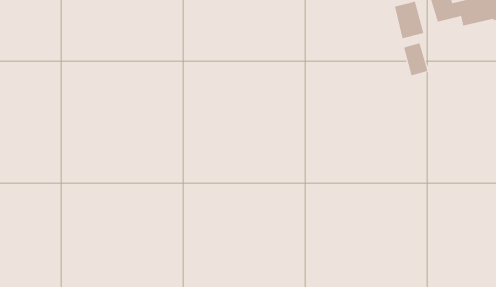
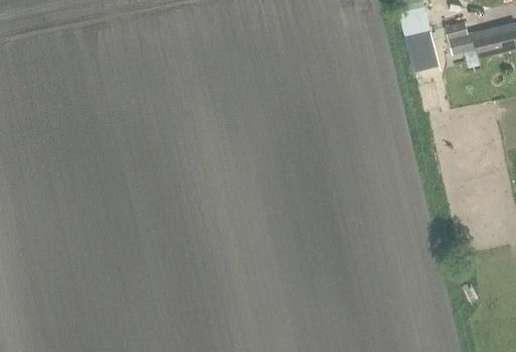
building: [403,43,428,76] -> none

